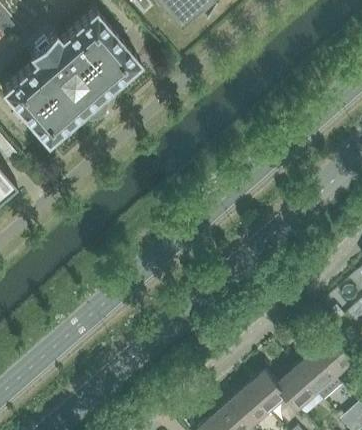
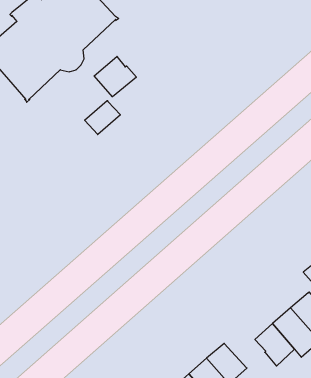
building: none -> [94,56,136,97]
building: none -> [85,101,120,135]
building: [245,371,287,413] -> none

